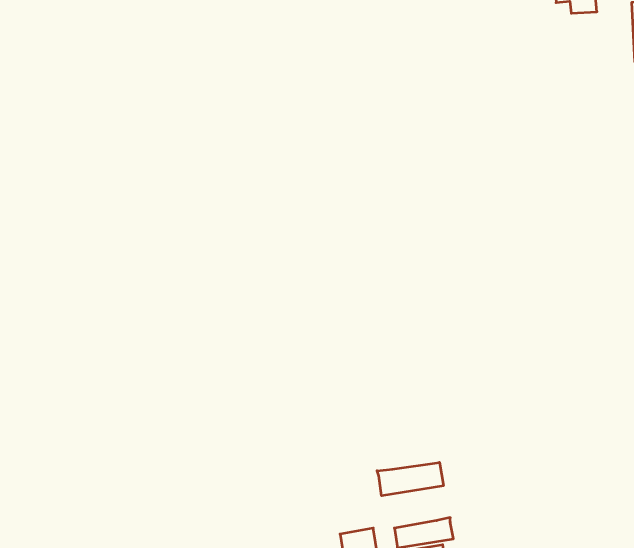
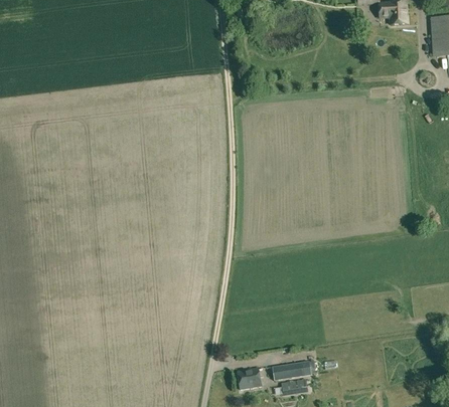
building: [377,462,443,496] -> none

